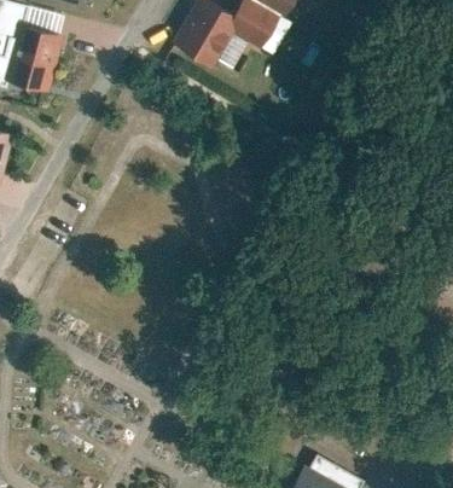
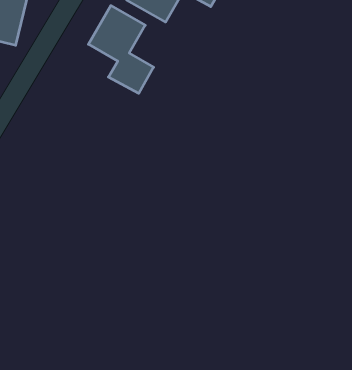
building: none -> [88,6,154,93]

